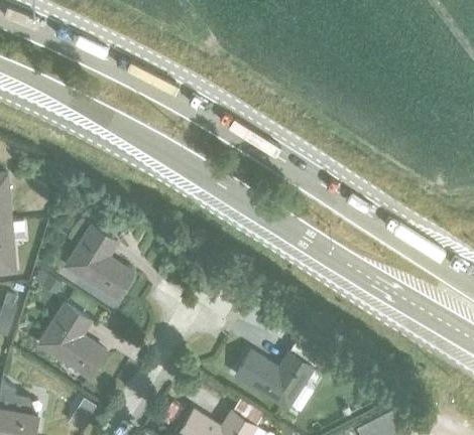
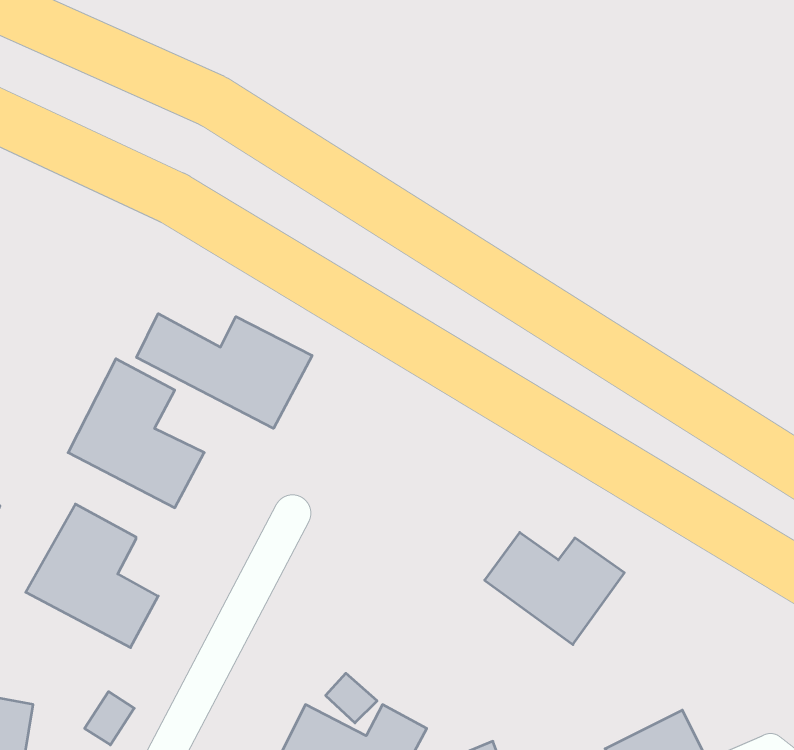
building: none -> [137,314,312,428]
building: [236,347,313,409] -> [485,532,624,645]

